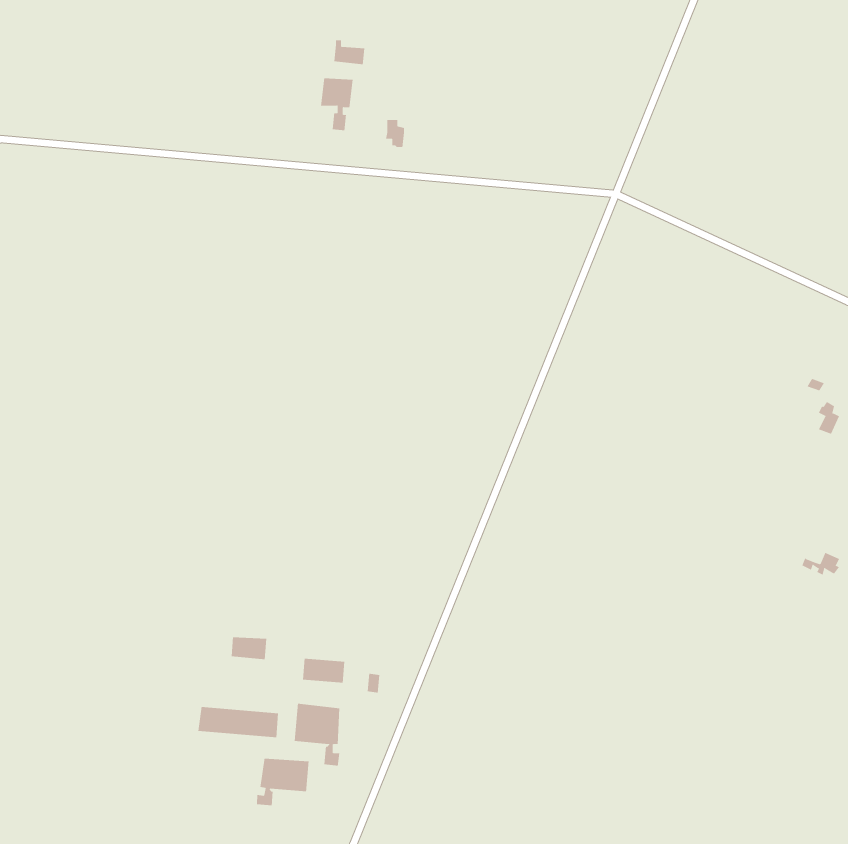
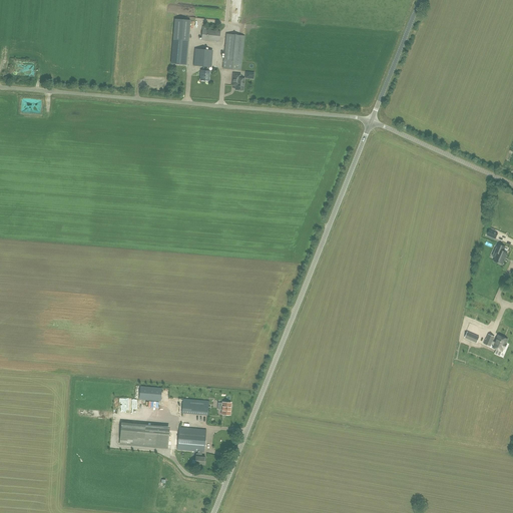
building: none -> [171,17,190,63]
building: none -> [223,32,244,68]
building: [257,758,309,806] -> none

